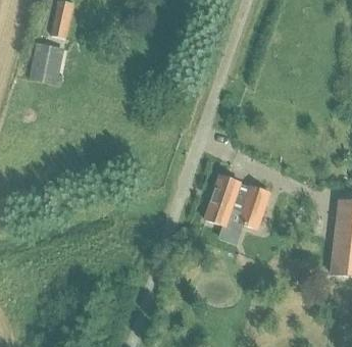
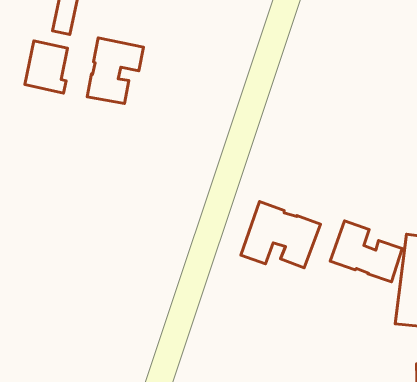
building: none -> [87,38,144,103]
building: none -> [330,221,402,282]

